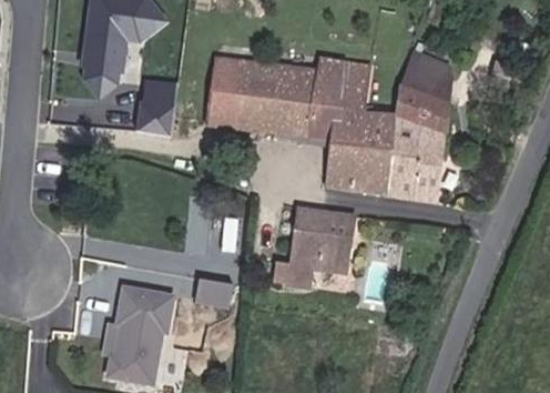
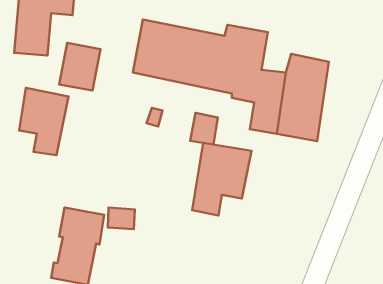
building: [404,63,456,105] -> none
building: none -> [19,88,69,155]
building: [324,150,358,189] -> [190,113,218,144]

